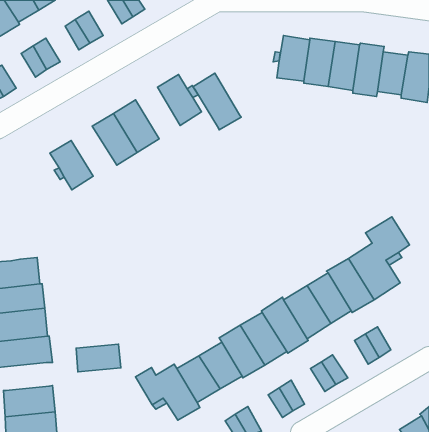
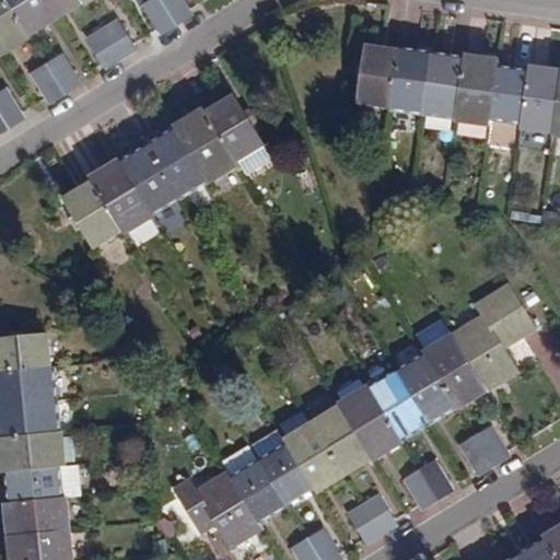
building: [193,73,241,130] -> [173,109,235,183]
building: none -> [90,162,151,233]
building: [76,344,121,372] -> [5,469,63,505]

